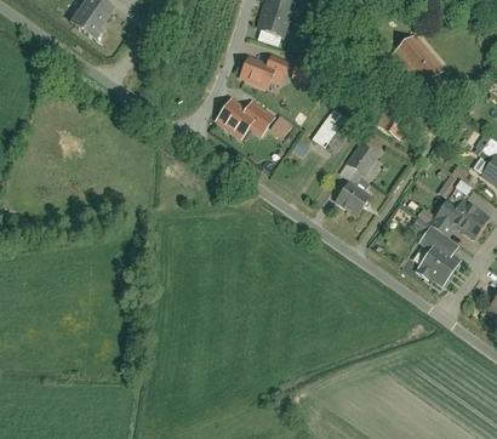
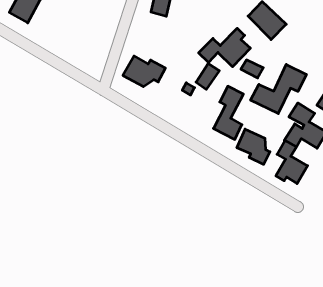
building: [239,52,281,87] -> none
building: none -> [199,28,250,67]
building: none -> [251,64,306,114]
building: none -> [237,129,270,164]

